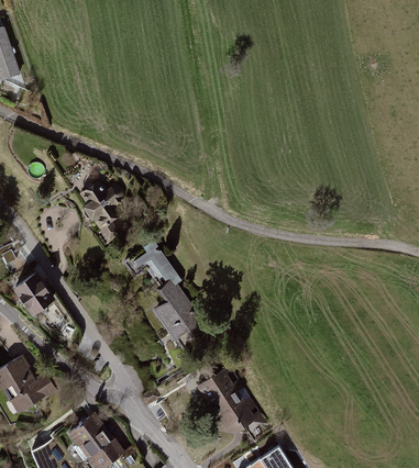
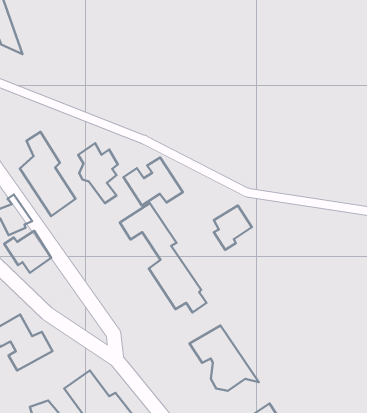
building: none -> [20,132,75,216]
building: none -> [124,157,183,206]
building: none -> [214,206,252,250]

